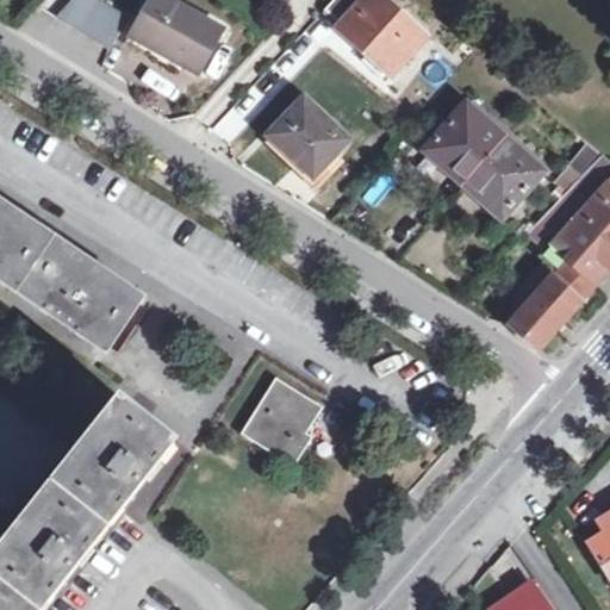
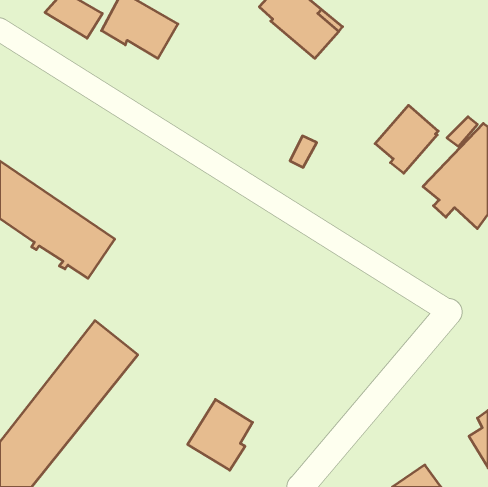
building: [270,92,348,174] -> none
building: [427,100,509,179] -> none
building: [511,259,595,348] -> none
building: [241,376,322,465] -> [188,399,253,470]

